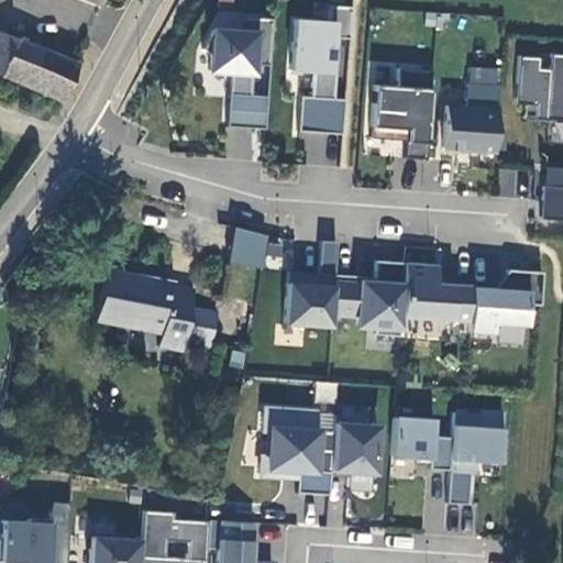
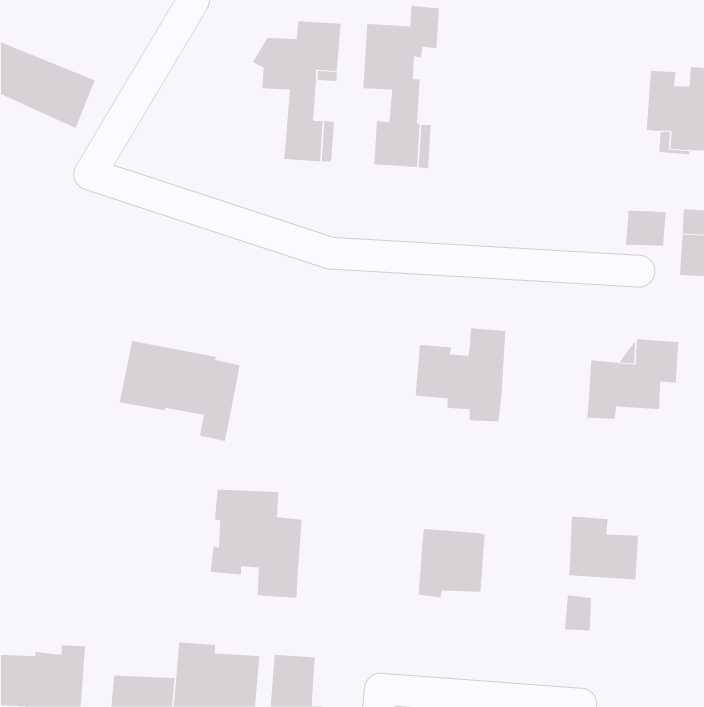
building: [371,68,432,159] -> none
building: [443,85,500,153] -> none
building: [233,229,269,267] -> none
building: [401,263,472,320] -> none
building: [285,272,335,328] -> none
building: [184,307,218,345] -> none
building: [264,406,338,493] -> [210,489,303,598]
building: [394,416,454,467] -> none

